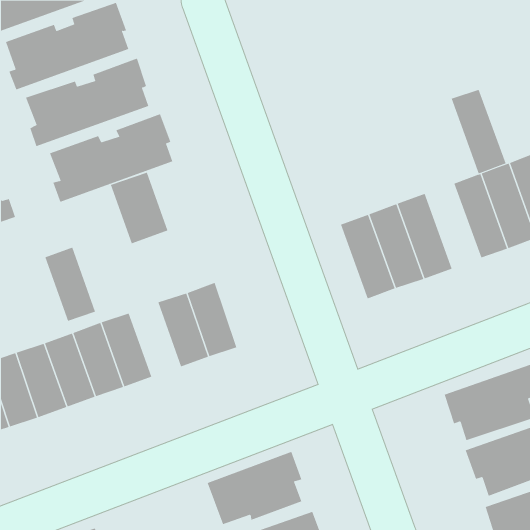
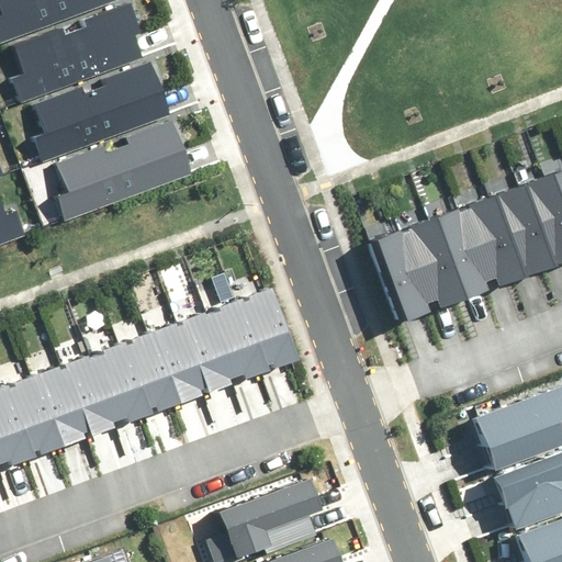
building: [451,89,507,174] -> [451,199,509,288]
building: [110,172,168,244] -> none
building: [44,247,96,321] -> [142,323,195,401]
building: none -> [232,292,285,370]

